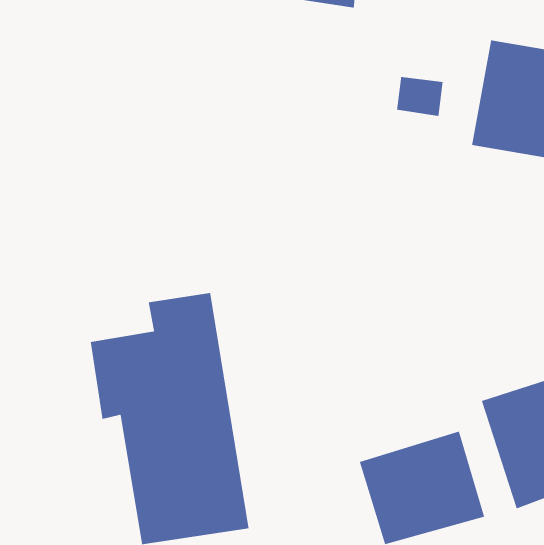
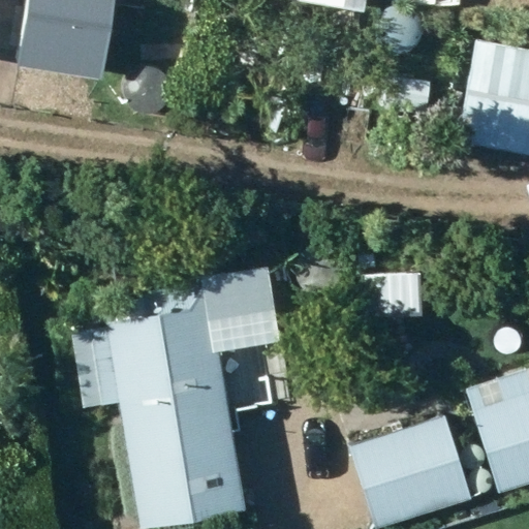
building: none -> [11,11,113,106]

